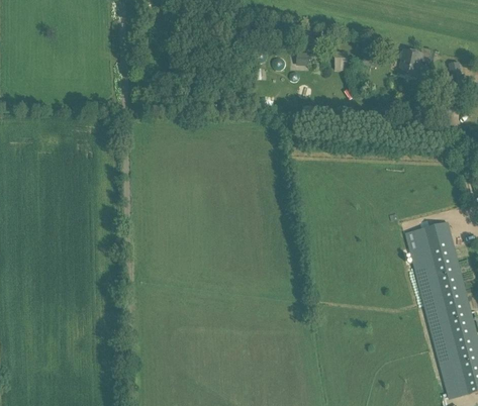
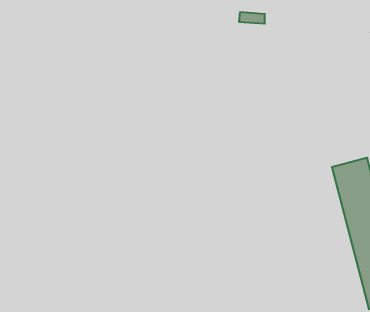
building: [398,48,433,77] -> none

